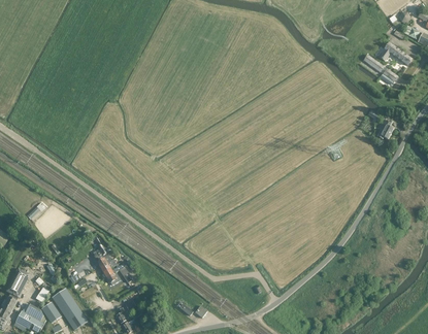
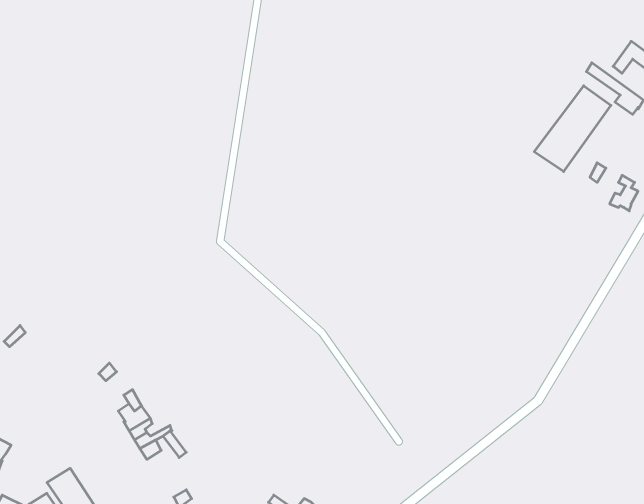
building: none -> [534,86,611,172]

